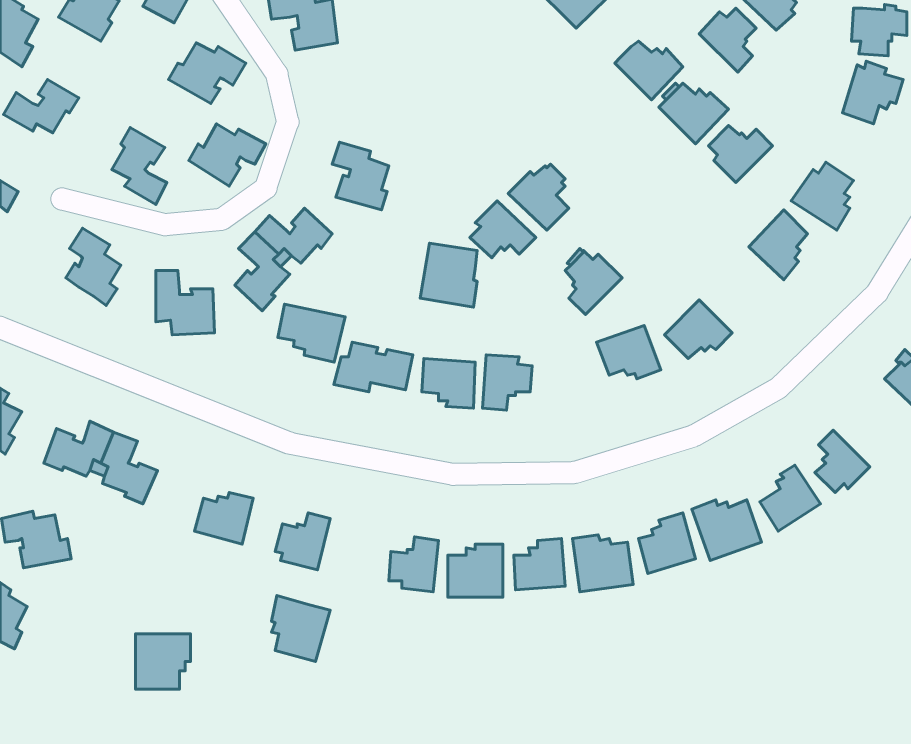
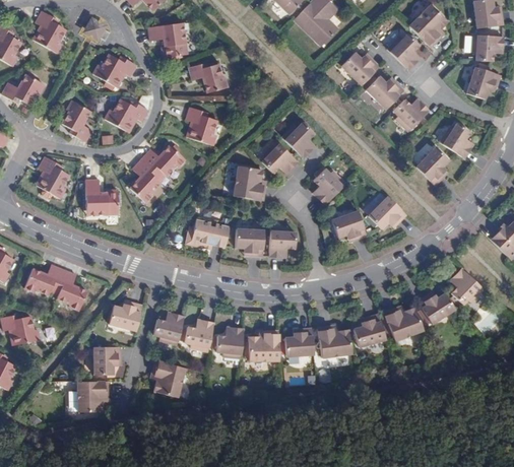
building: none -> [190,62,228,94]
building: [278,304,345,362] -> none
building: none -> [184,321,214,351]
building: none -> [93,346,120,374]

